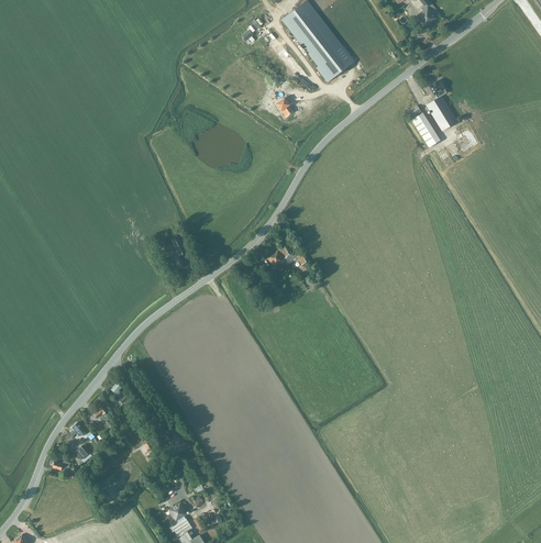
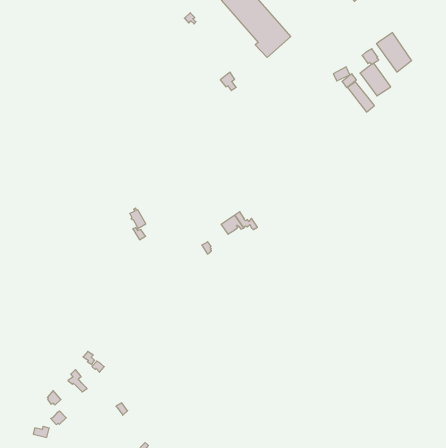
building: none -> [377,33,412,72]

